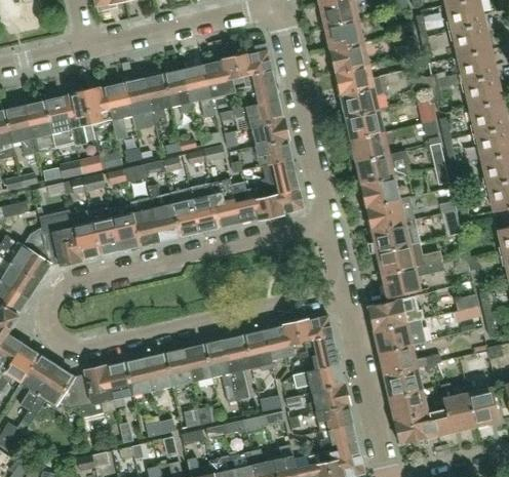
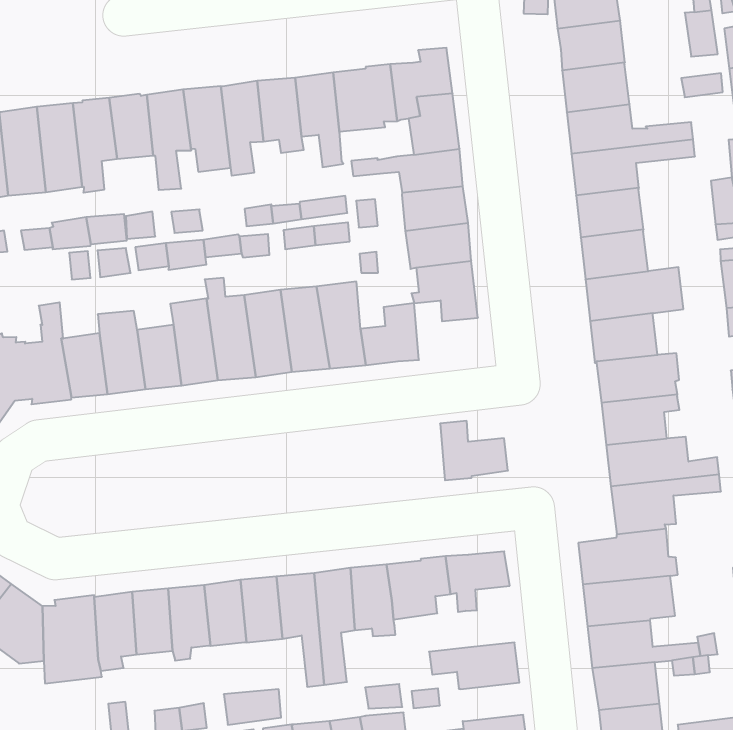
building: [263,183,303,216] -> [440,421,508,480]
building: [310,334,339,370] -> none
building: [309,387,348,412] -> none

